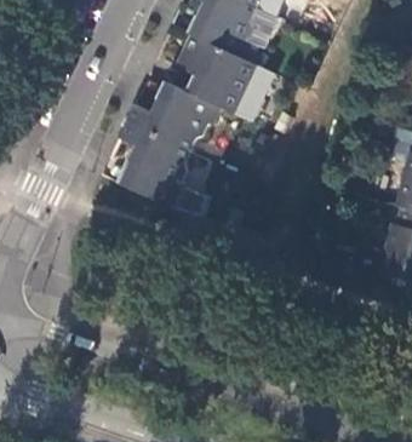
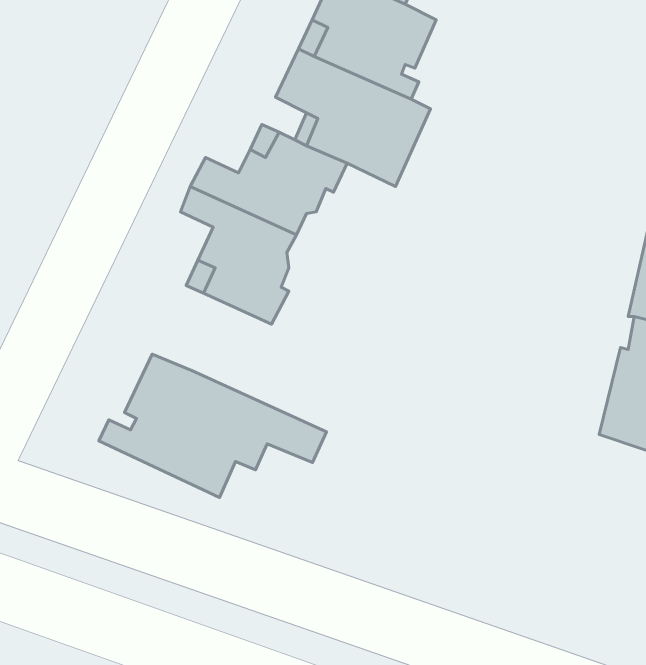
building: none -> [99,354,326,497]

